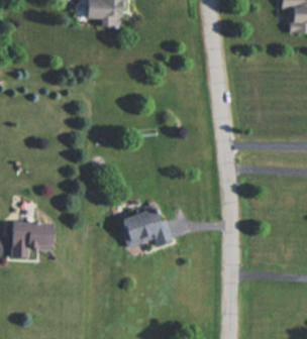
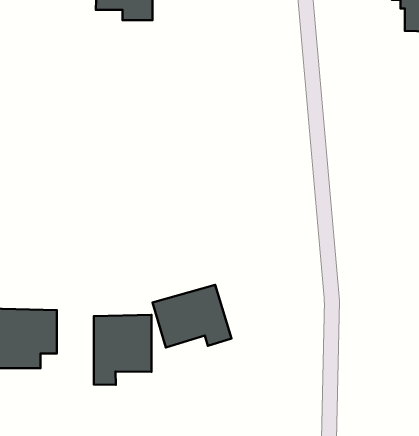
building: none -> [94,315,151,385]

